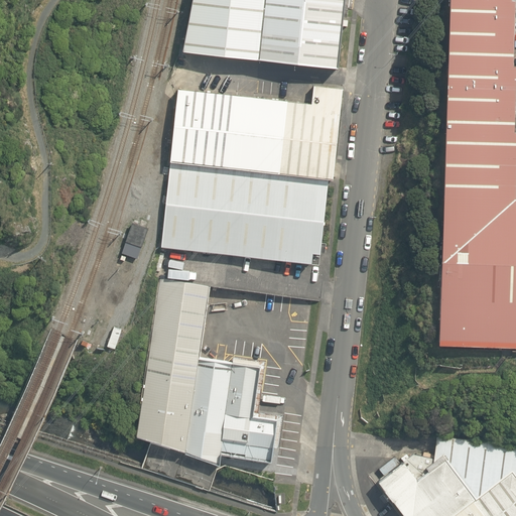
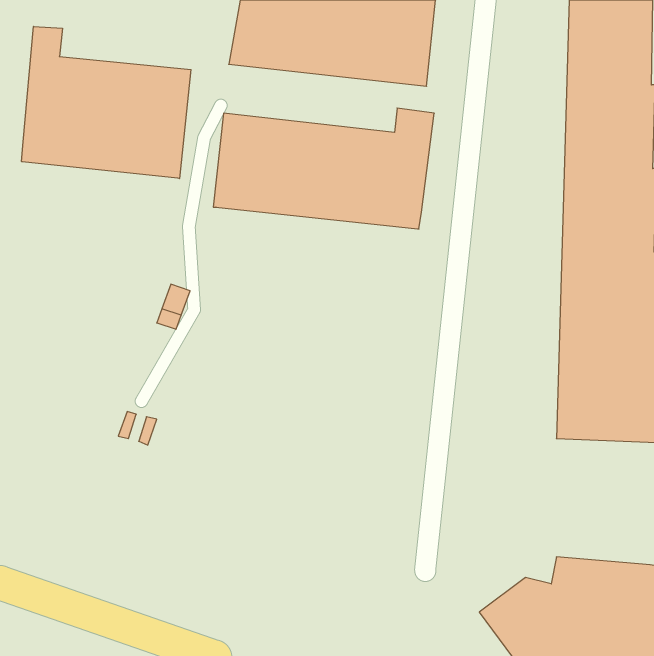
building: none -> [22,26,191,179]
building: [162,163,330,262] -> none
building: [135,279,283,465] -> none

